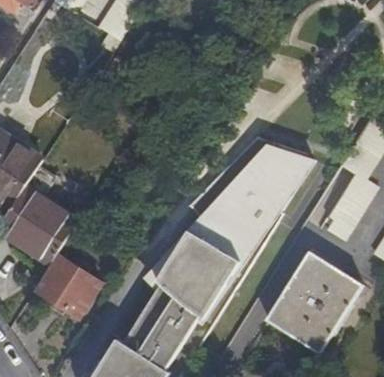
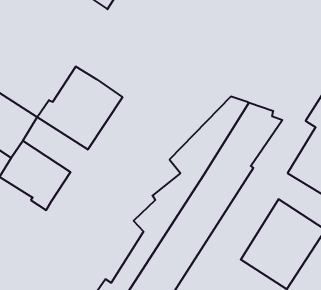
building: none -> [37,66,122,150]
building: [36,254,102,317] -> none

